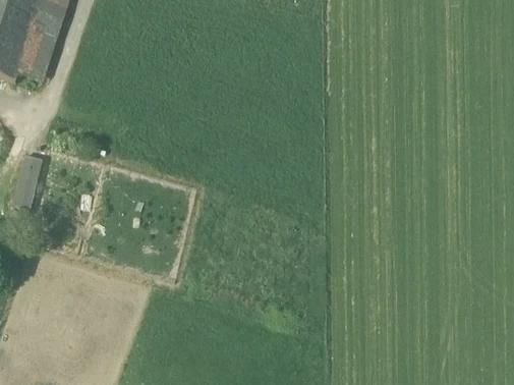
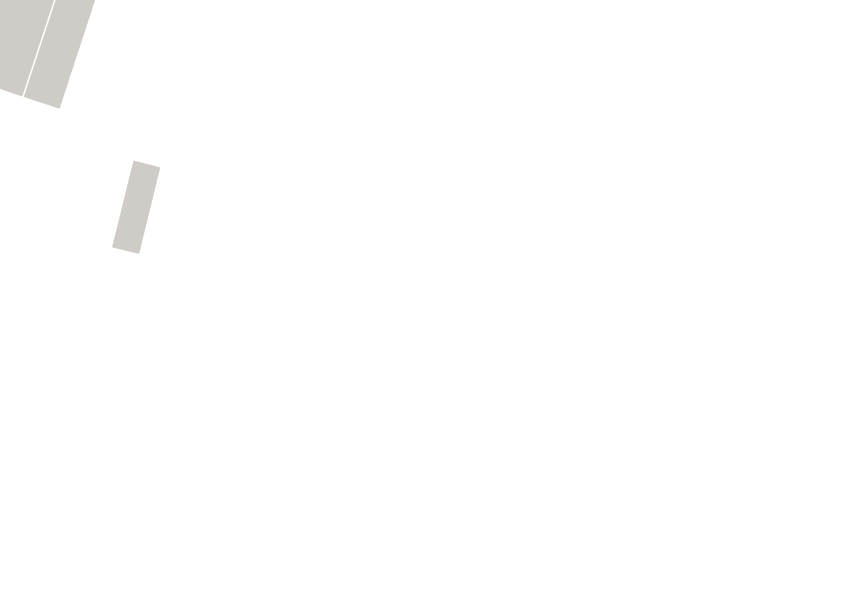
building: [13,153,42,207] -> [111,160,161,255]

